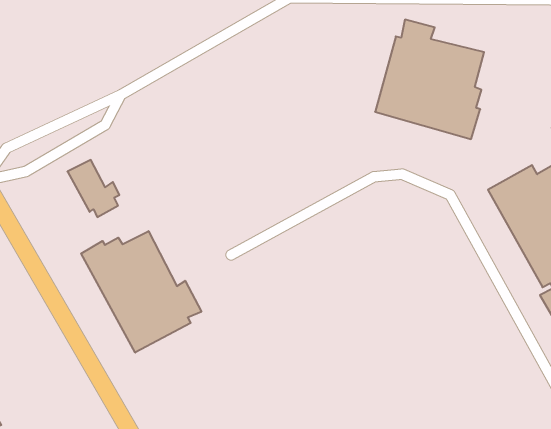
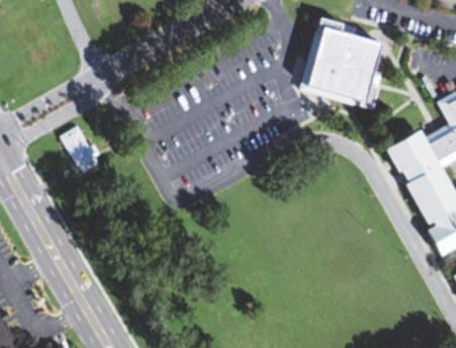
building: [81,231,201,353] -> none

